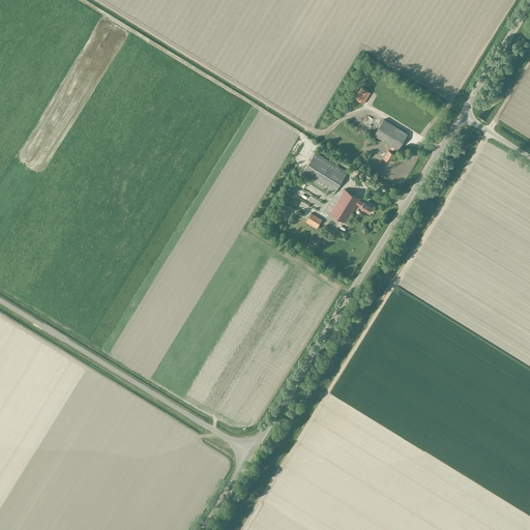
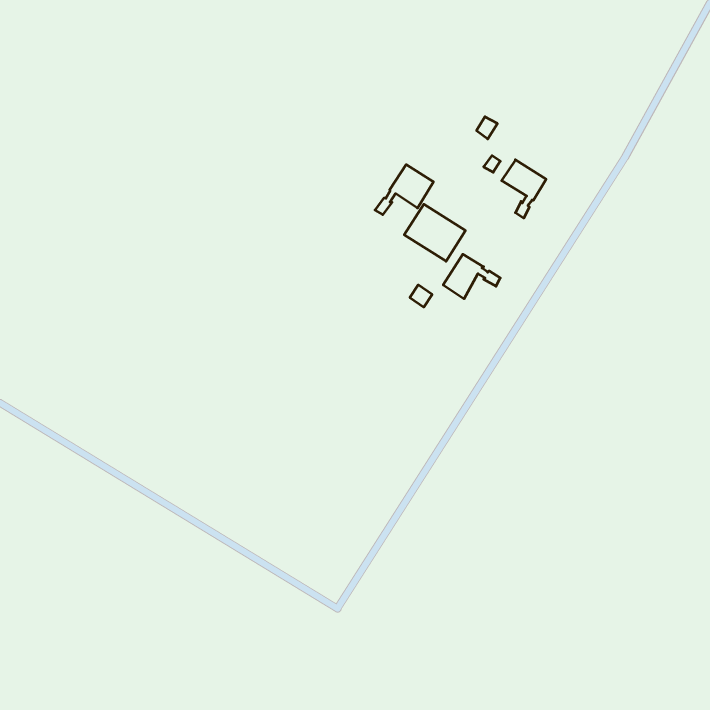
building: none -> [375,165,433,215]

